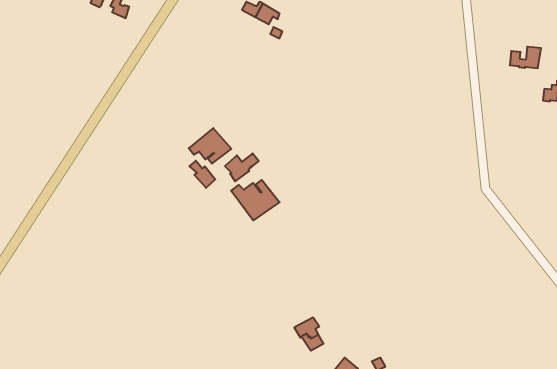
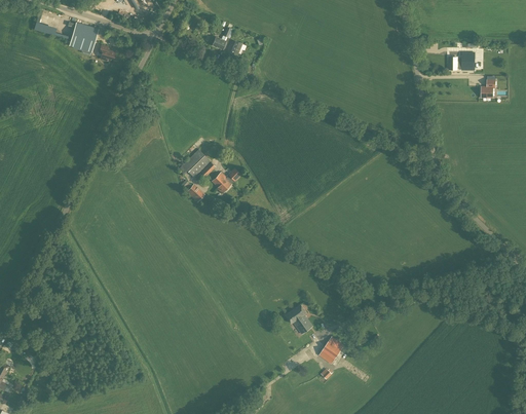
building: [231,180,280,220] -> none

